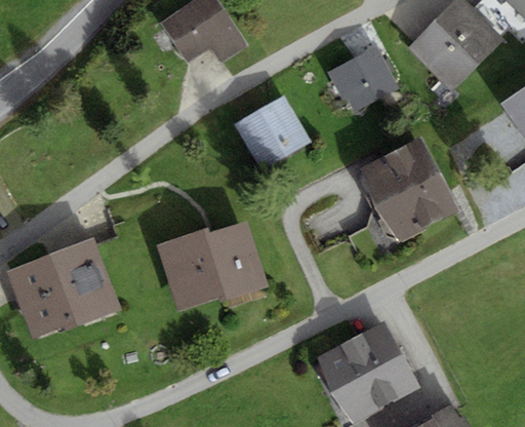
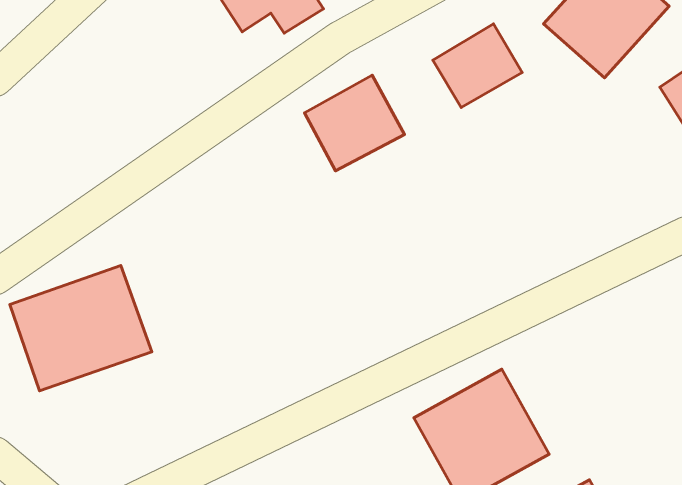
building: [362,140,455,236] -> none
building: [157,219,265,311] -> none

